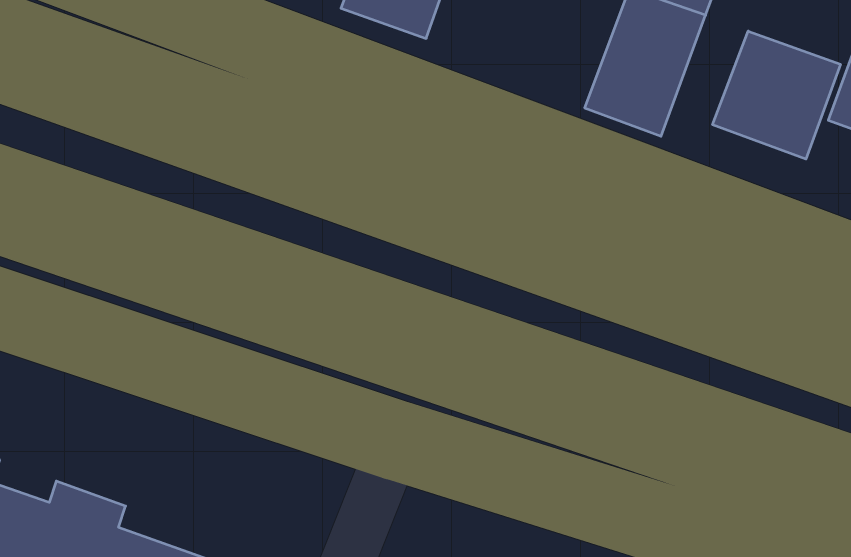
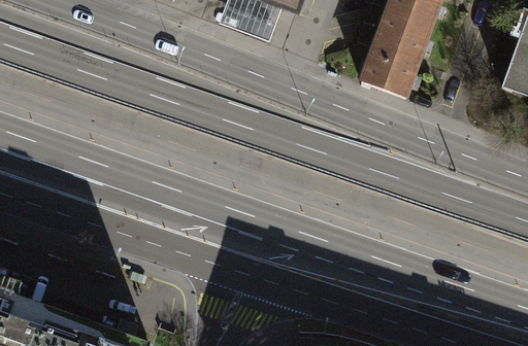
building: [713,31,840,159] -> none

